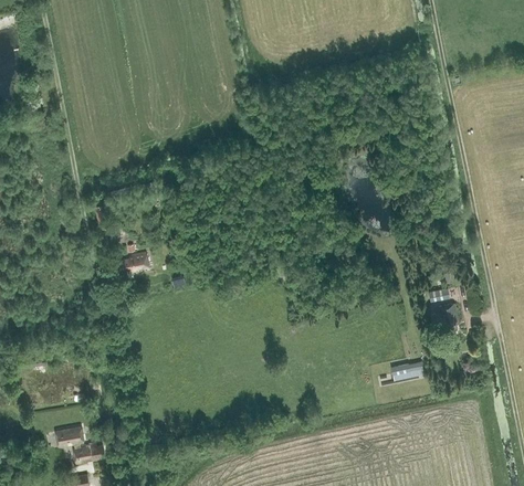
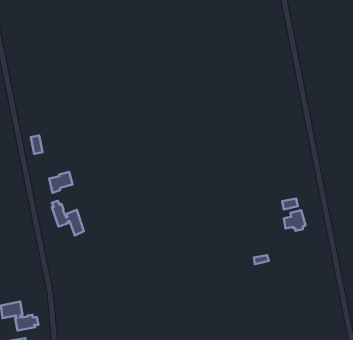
building: none -> [52,201,84,236]

